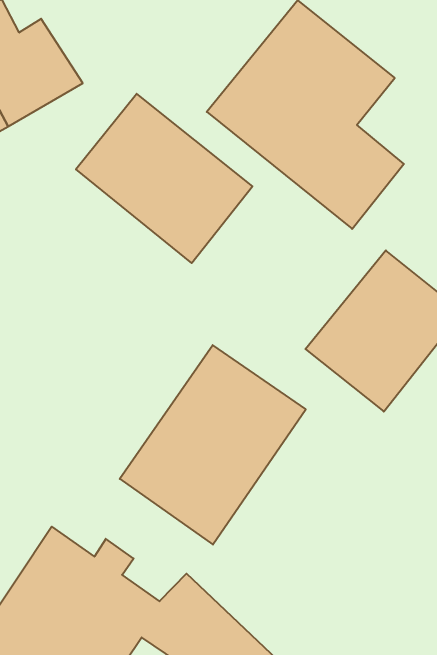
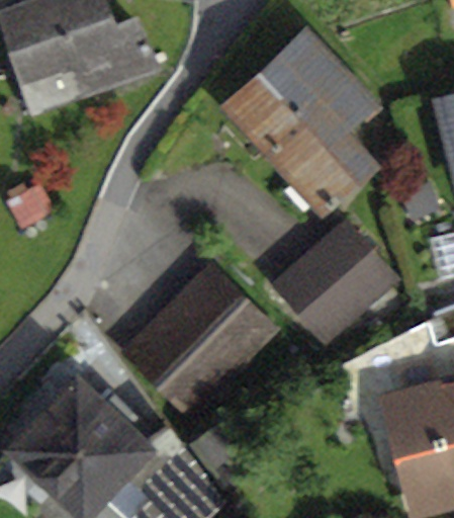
building: [76,94,252,263] -> none

